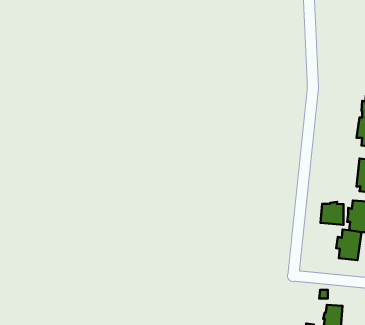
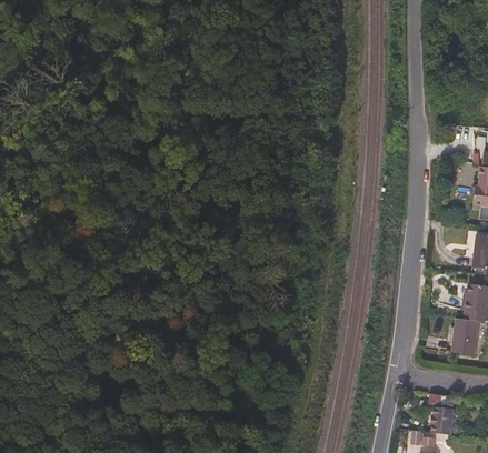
building: [320,202,344,225] -> none

